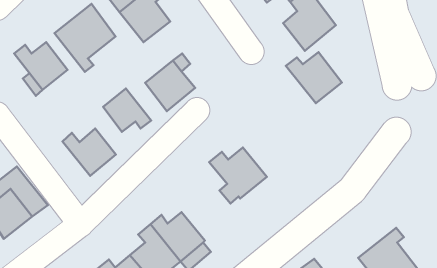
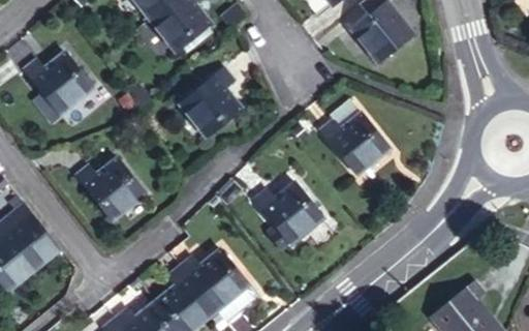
building: [54,4,115,72] -> none
building: [286,52,342,103] -> [321,111,388,172]
building: [103,89,151,132] -> none

